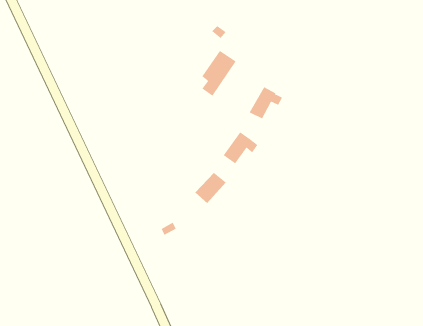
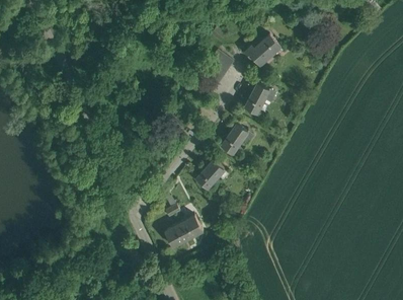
building: none -> [245,35,281,66]
building: none -> [164,216,203,248]

